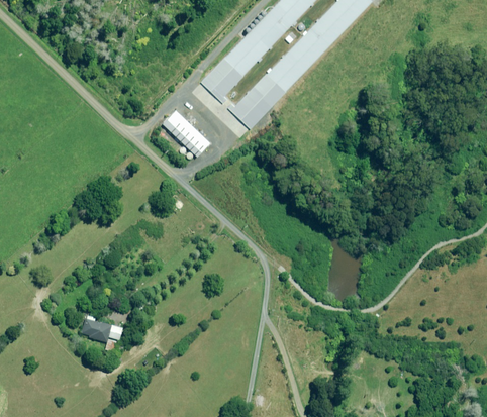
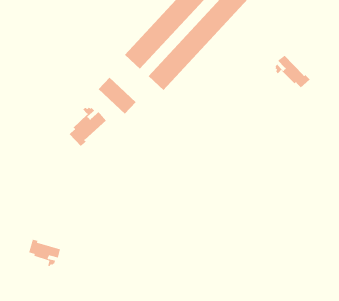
building: none -> [274,55,310,88]
building: none -> [69,106,107,147]

